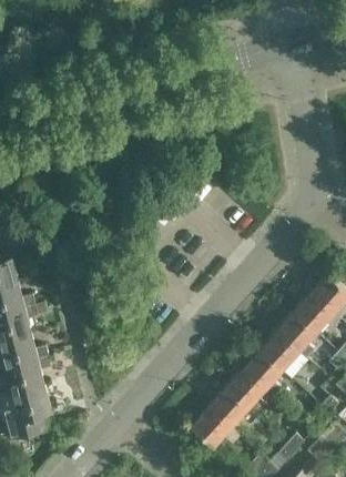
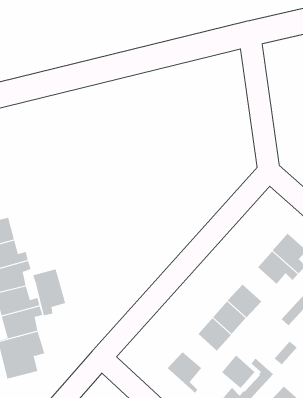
building: [276,314,315,353] -> none
building: none -> [33,269,66,316]
building: [208,389,247,428] -> [221,355,255,389]

